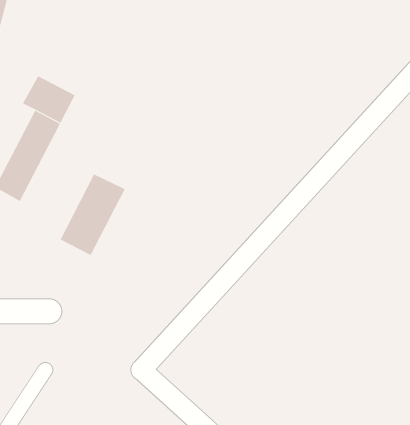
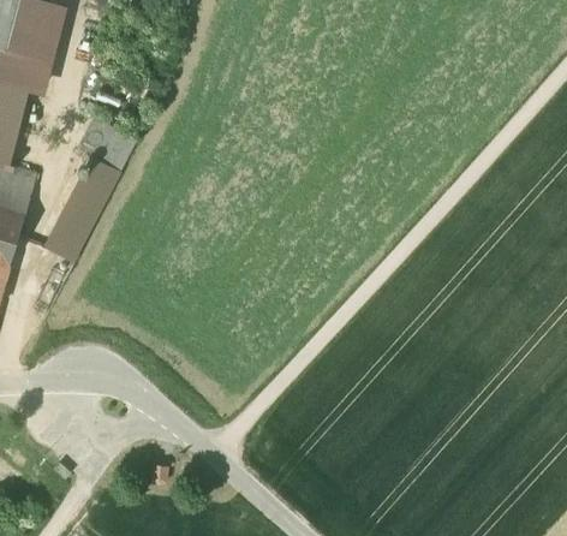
building: [60,173,126,256] -> none

